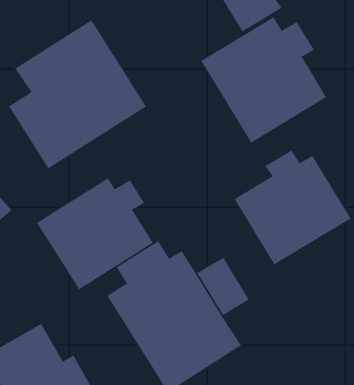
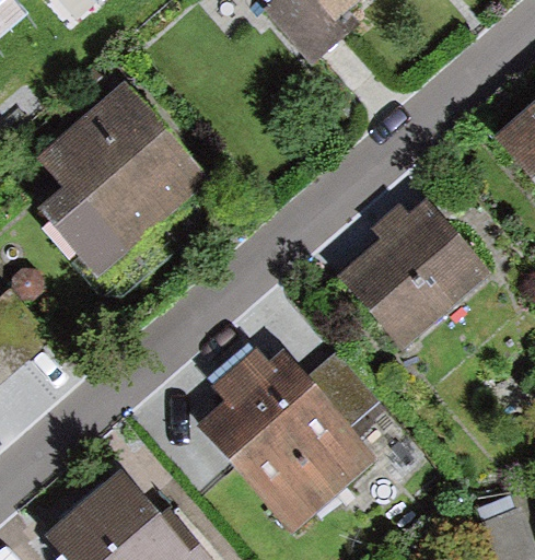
building: [200,17,327,144] -> none
building: [36,178,154,290] -> none

